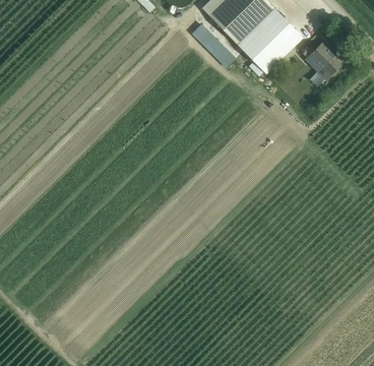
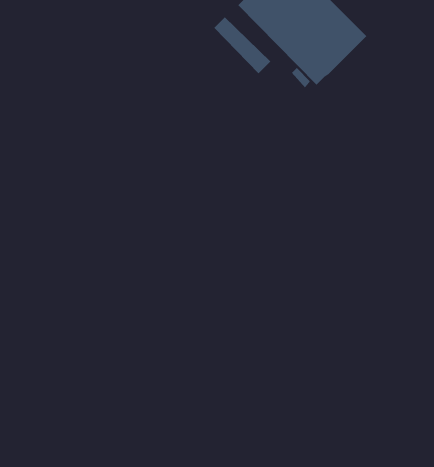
building: [301,40,342,75] -> none

